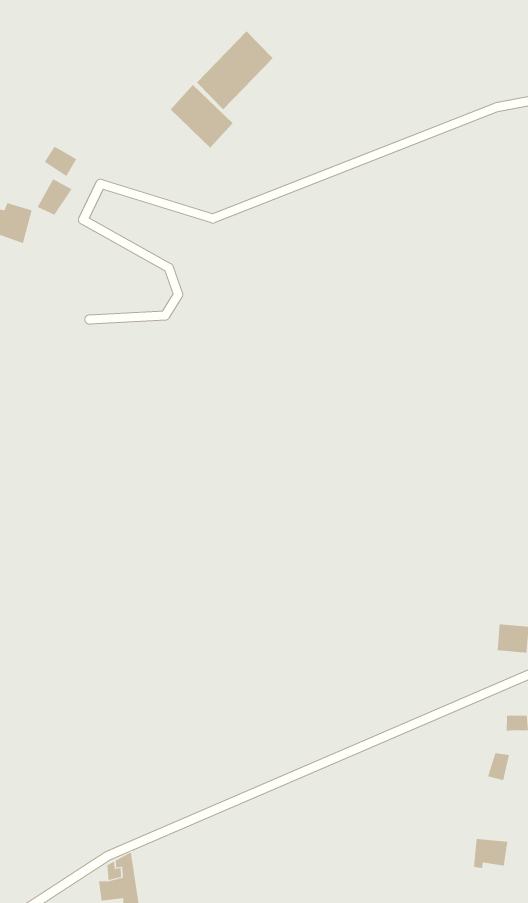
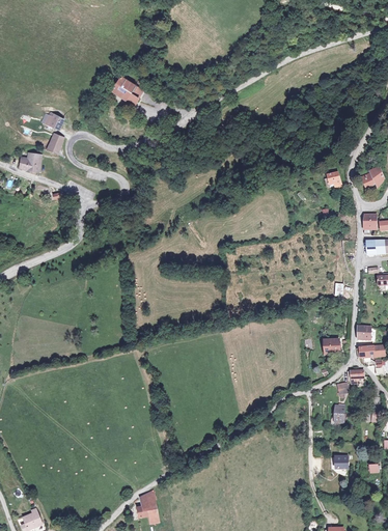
building: [196,30,273,110] -> none

